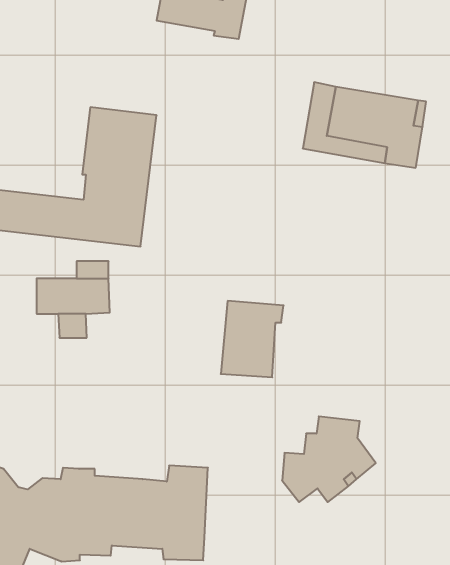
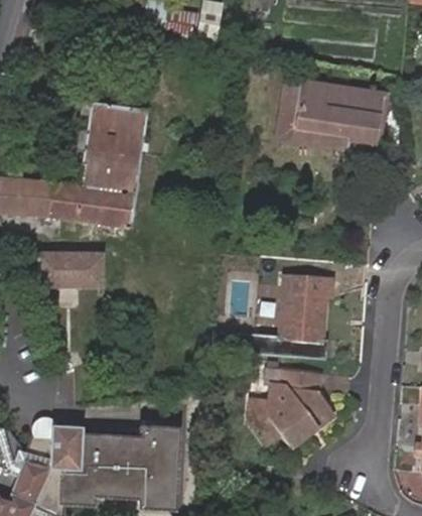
building: [221,301,284,377] -> [280,277,335,345]

